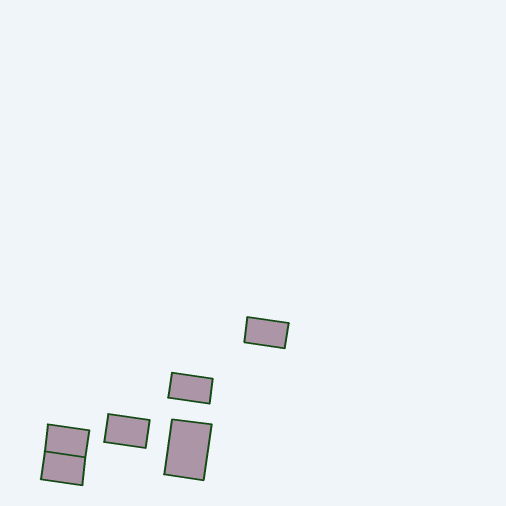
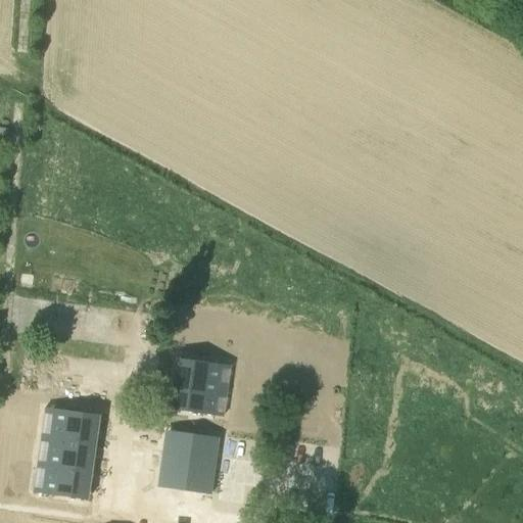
building: [244,317,289,348] -> [179,358,225,389]
building: [104,414,150,448] -> [51,408,98,442]

